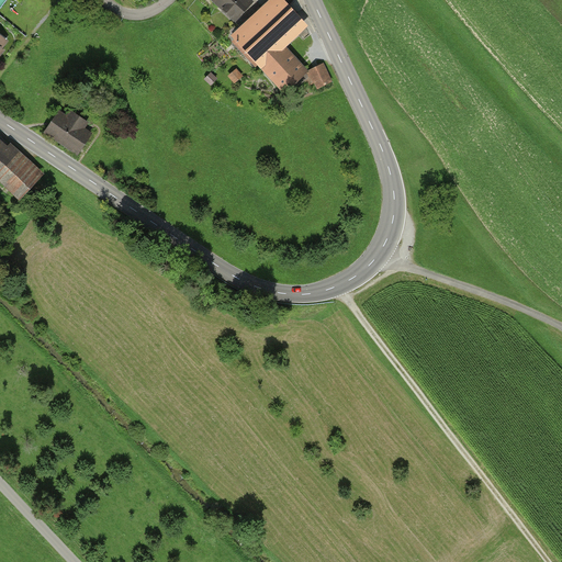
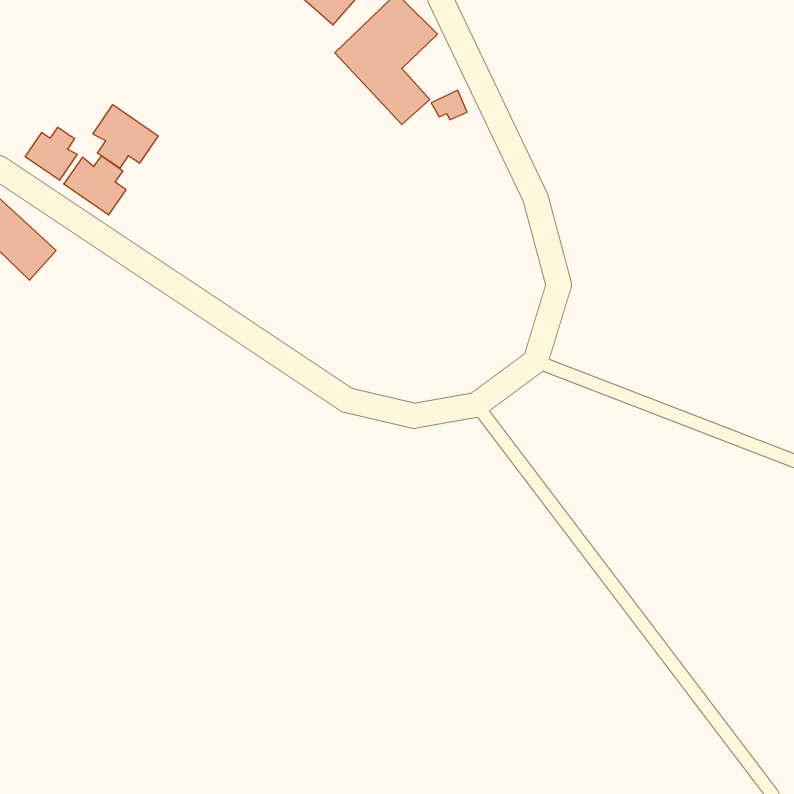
building: none -> [93,105,158,168]
building: none -> [25,127,77,180]

